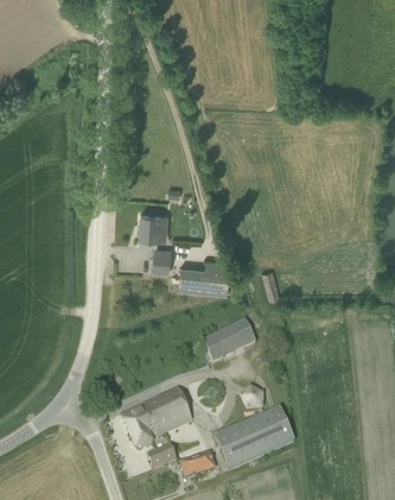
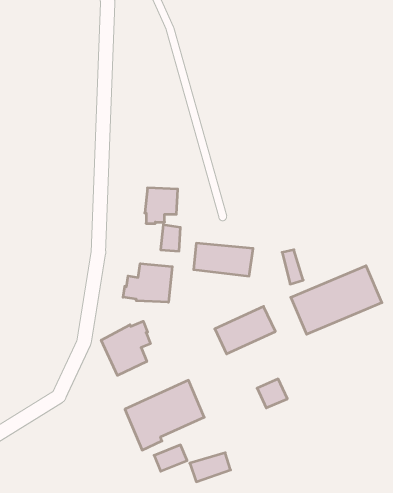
building: none -> [123,264,172,302]
building: none -> [101,321,150,375]
building: [212,406,294,468] -> [291,266,382,334]

